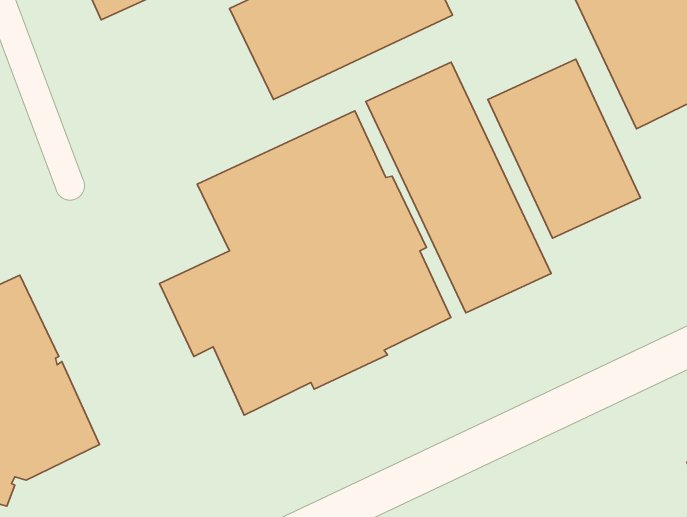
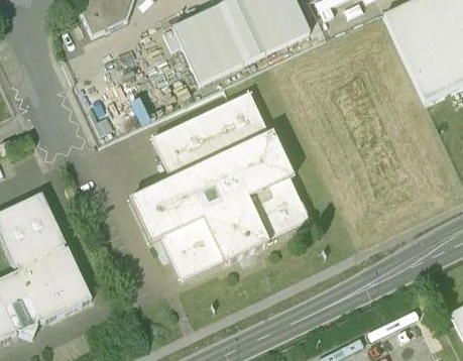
building: [488,59,640,238] -> none
building: [366,62,551,313] -> none

